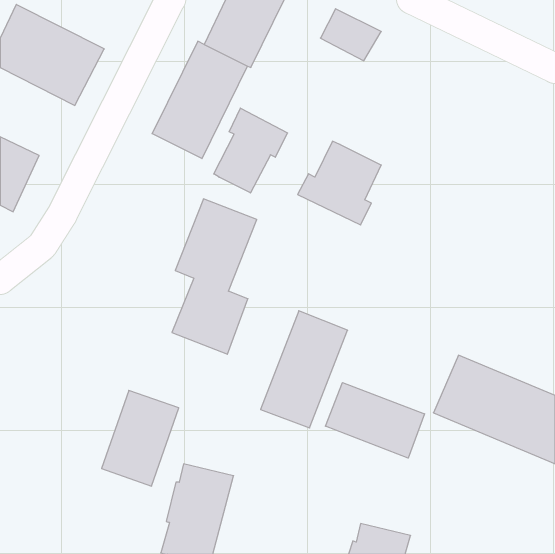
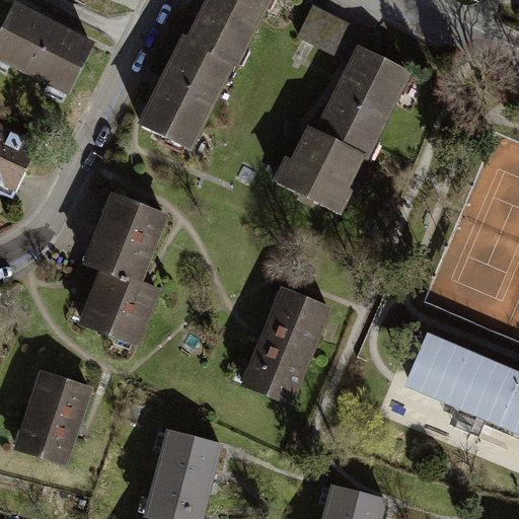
building: none -> [317,51,406,158]
building: [214,108,288,193] -> none
building: [172,199,257,354] -> [84,197,163,342]
building: [325,383,425,458] -> none
building: [102,390,179,486] -> [16,374,88,463]

